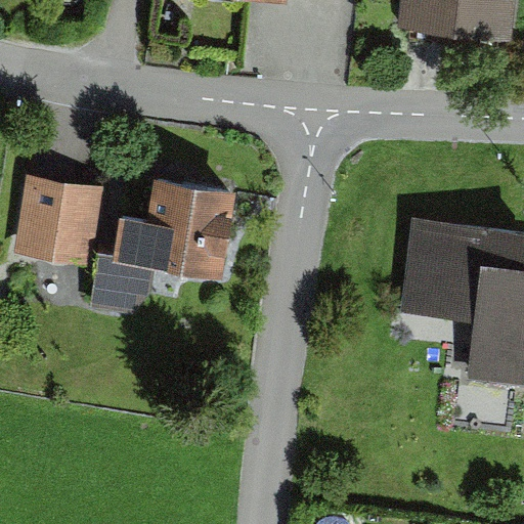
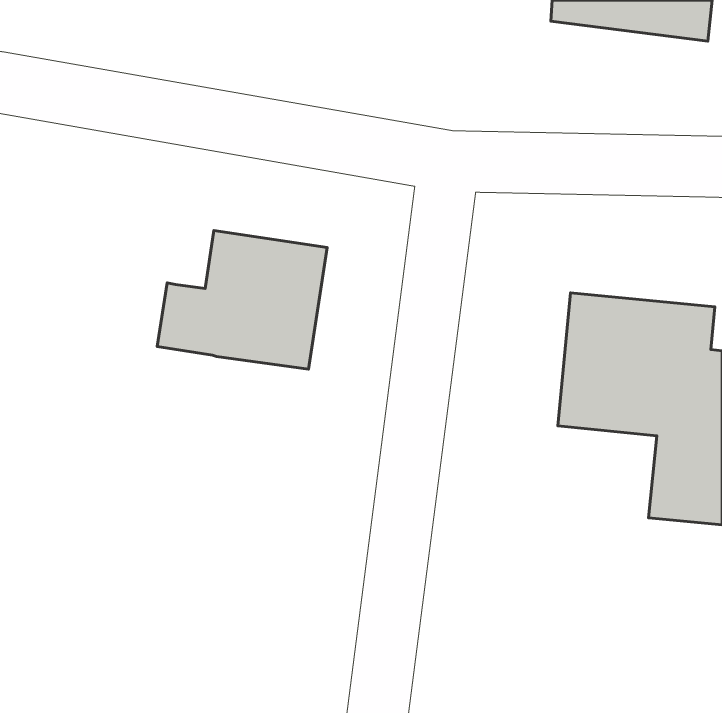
building: [16,176,104,267] -> none
building: [90,256,157,321] -> none

